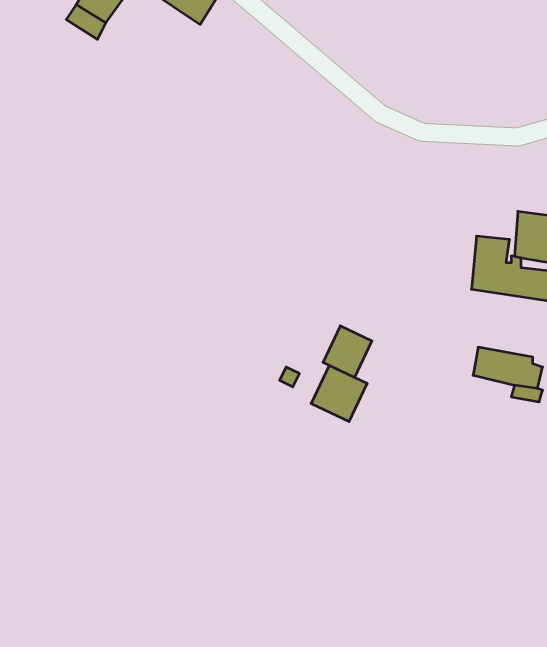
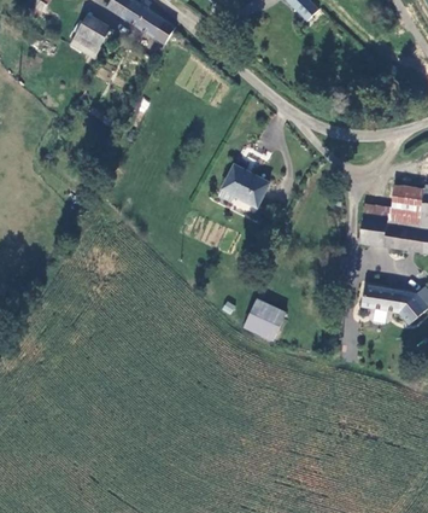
building: none -> [222,164,269,206]
building: [323,326,372,377] -> none

